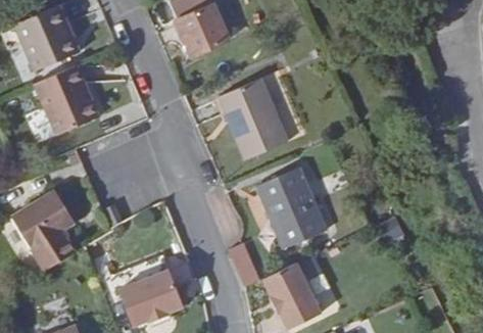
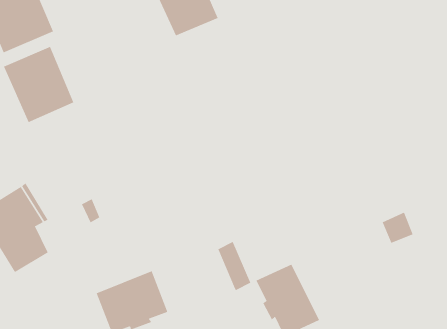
building: [219,78,289,159] -> none
building: [256,167,327,248] -> none

